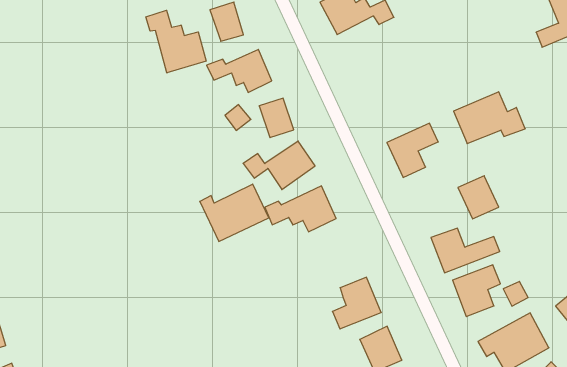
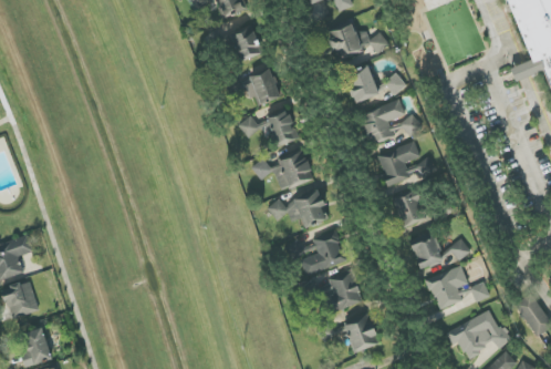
building: [146,10,206,73] -> none
building: none -> [344,65,404,103]
building: [454,92,525,144] -> [360,100,420,143]
building: [458,176,499,219] -> [392,189,426,226]
building: [200,184,269,241] -> [289,230,347,278]

